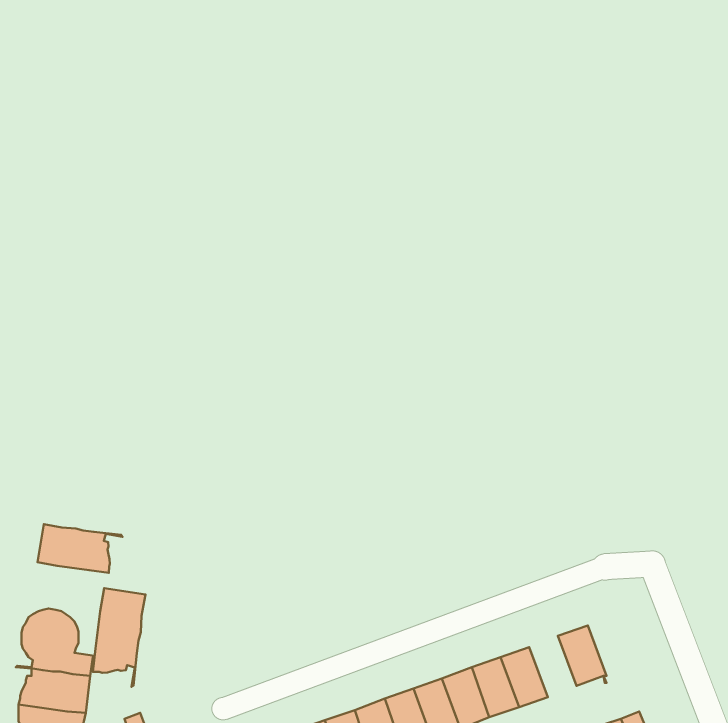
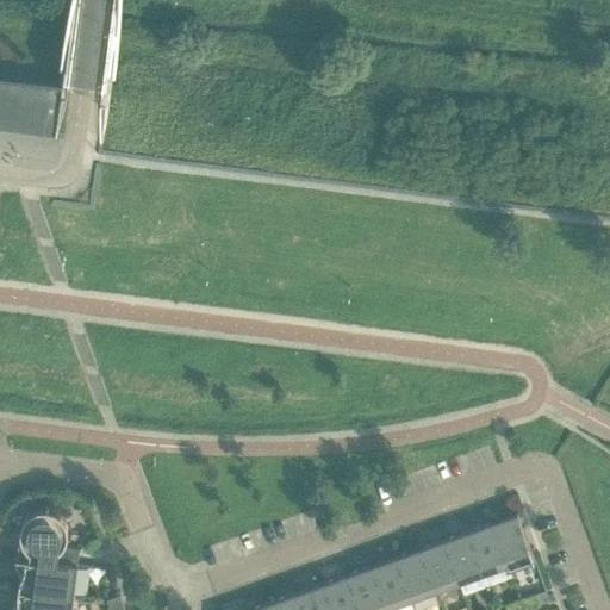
building: [38,524,122,573] -> none
building: [93,588,145,687] -> none
building: none -> [490,518,533,575]
building: none -> [441,536,480,587]

